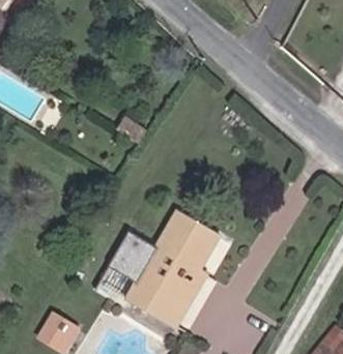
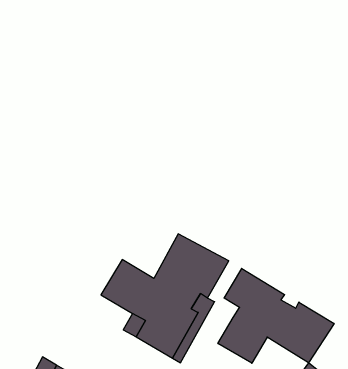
building: none -> [218,268,334,363]

